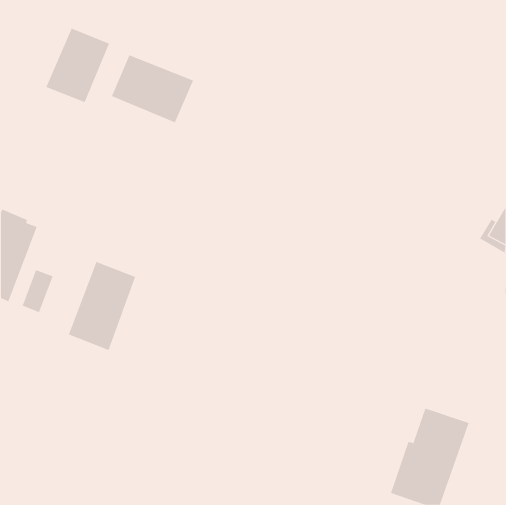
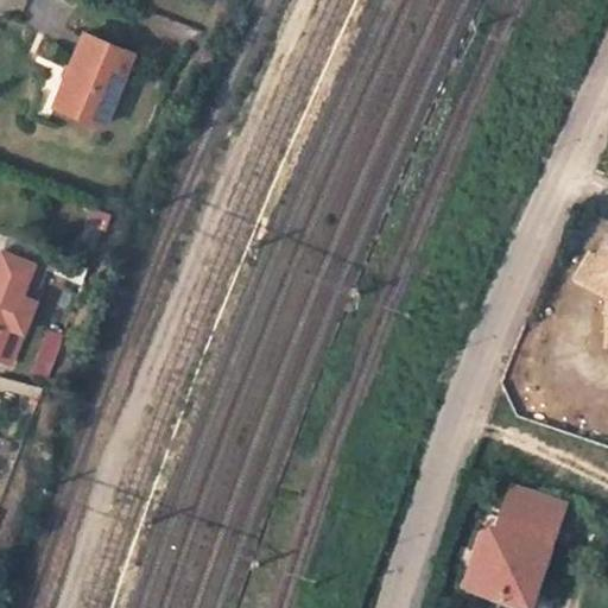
building: [111,54,194,123] -> none
building: [68,261,136,351] -> none

